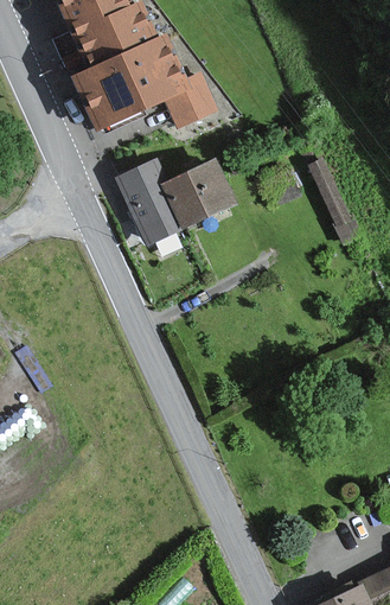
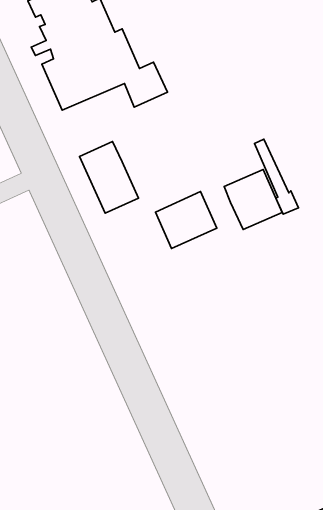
building: [165,160,232,223] -> [156,192,217,248]
building: none -> [224,170,282,230]

